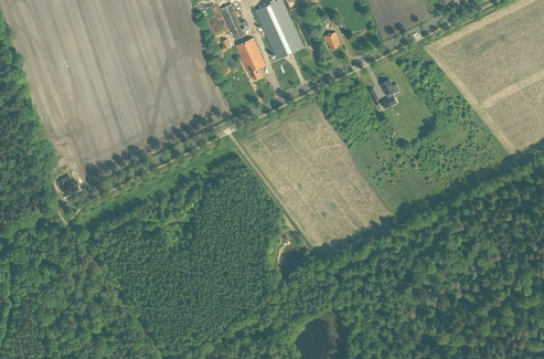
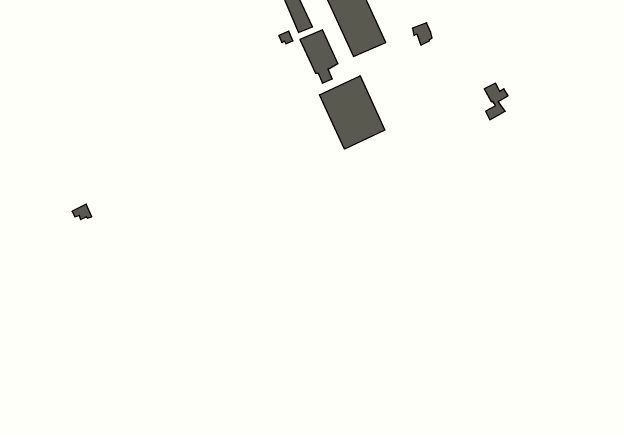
building: none -> [320,76,385,149]

